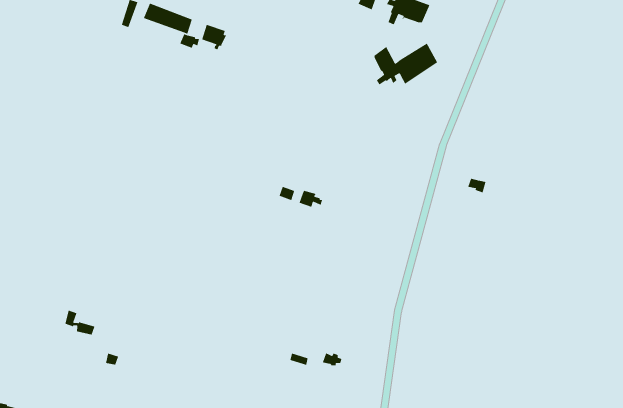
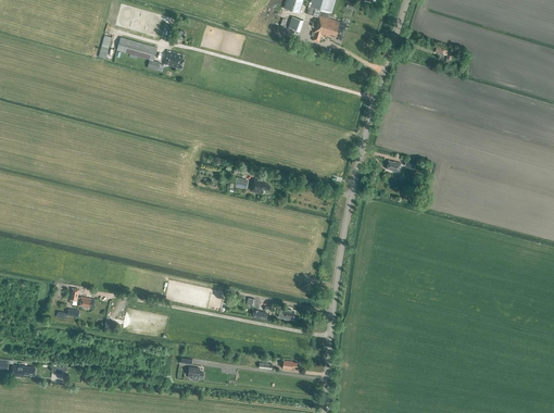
building: [374,42,438,85] -> none

